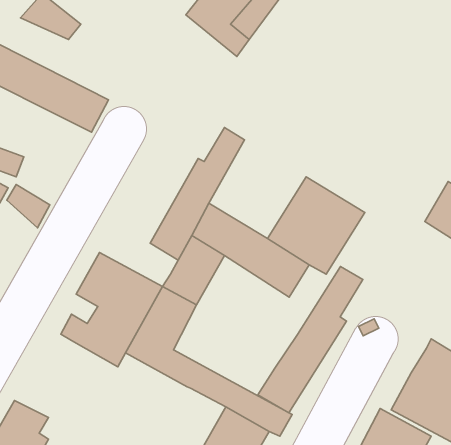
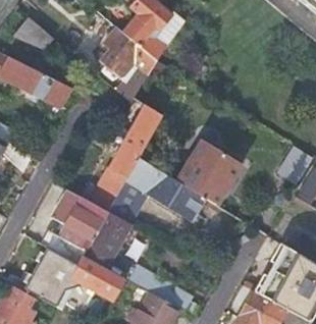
building: none -> [99,28,157,101]
building: [258,266,363,413] -> none
building: none -> [24,248,124,307]

